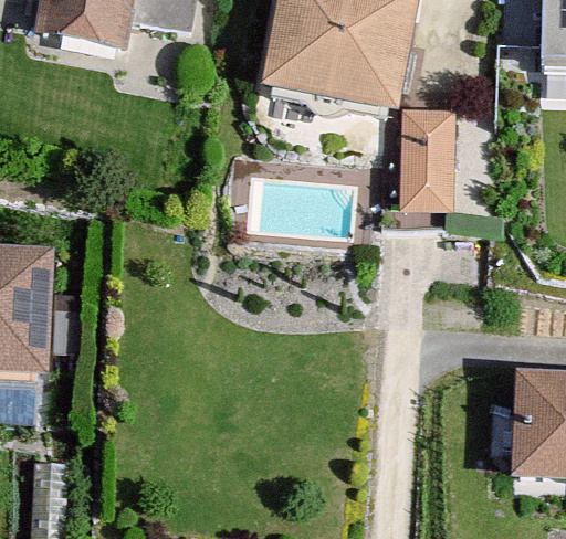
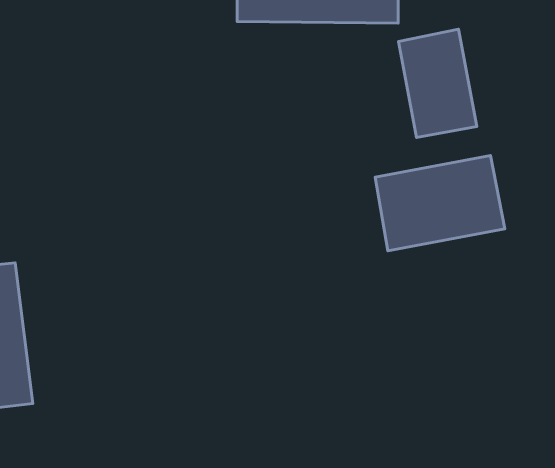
building: none -> [375,156,505,251]

